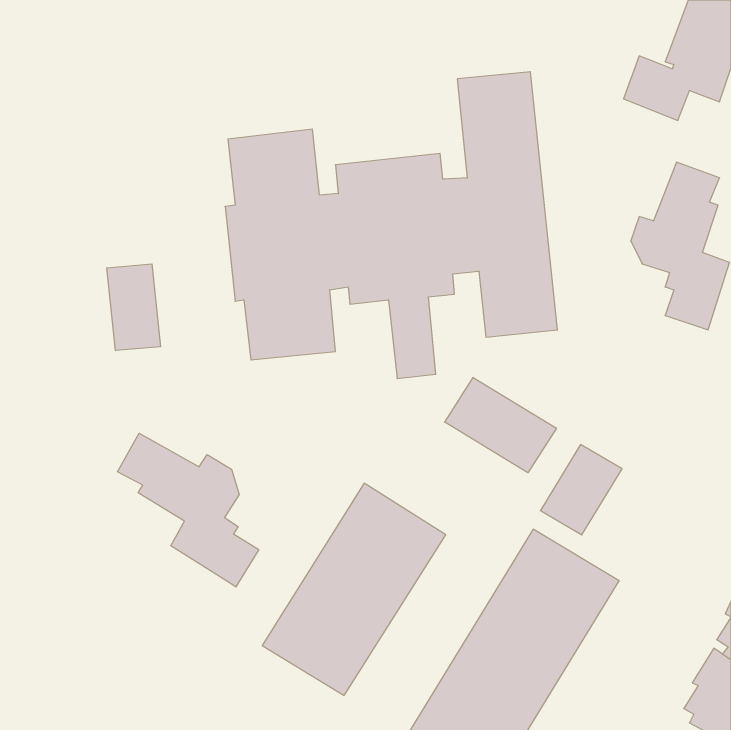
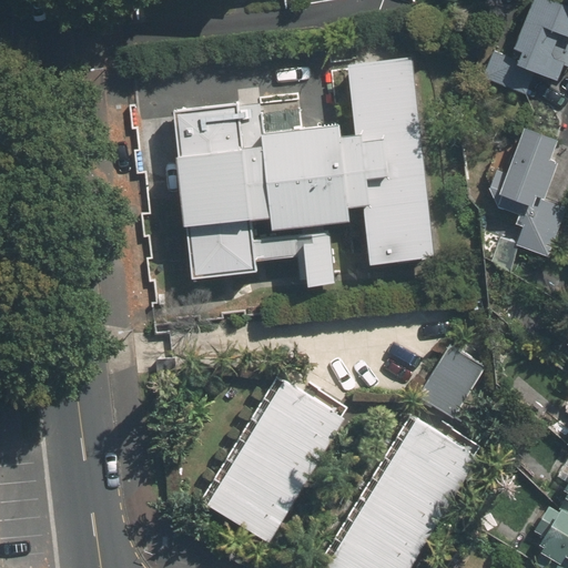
building: [107,264,161,351] -> none
building: [445,377,556,473] -> none
building: [117,433,259,587] -> none

